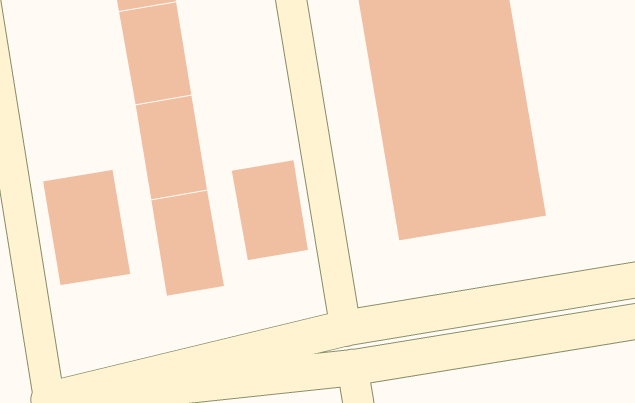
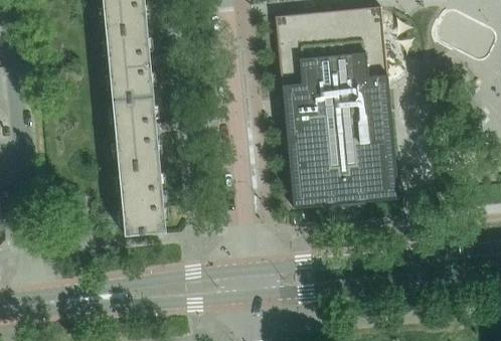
building: [231,159,309,261] -> none
building: [42,169,131,286] -> none

